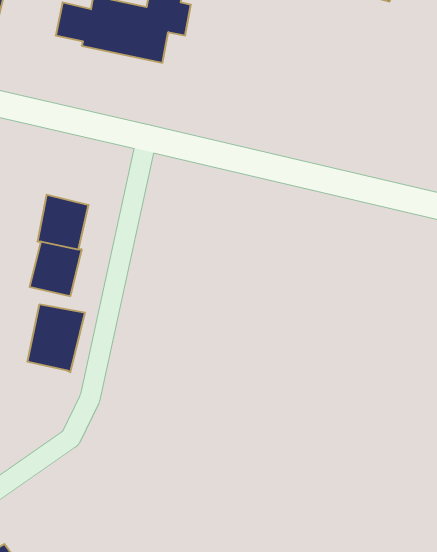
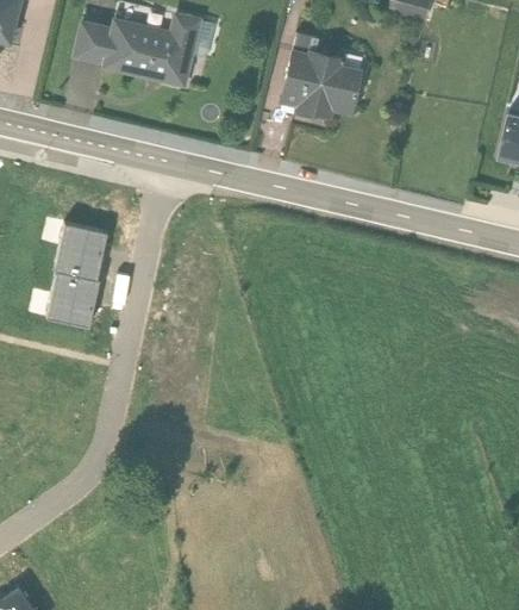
building: none -> [280,45,362,114]
building: [27,304,85,372] -> none

